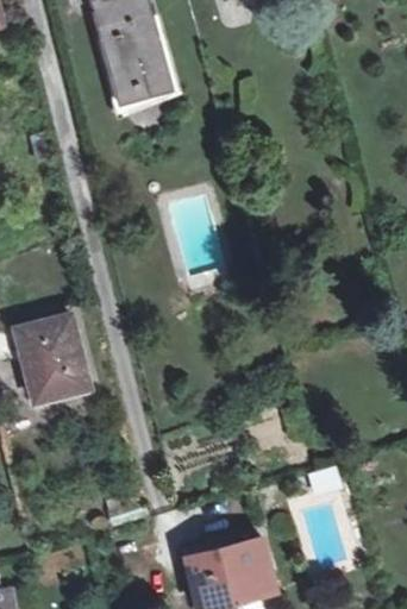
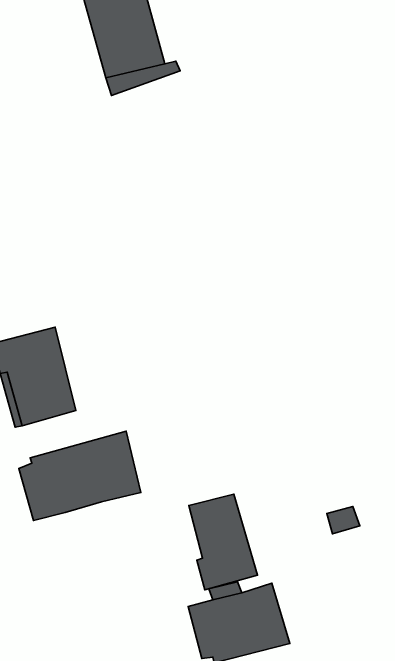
building: none -> [19,431,141,521]
building: none -> [189,494,258,590]

